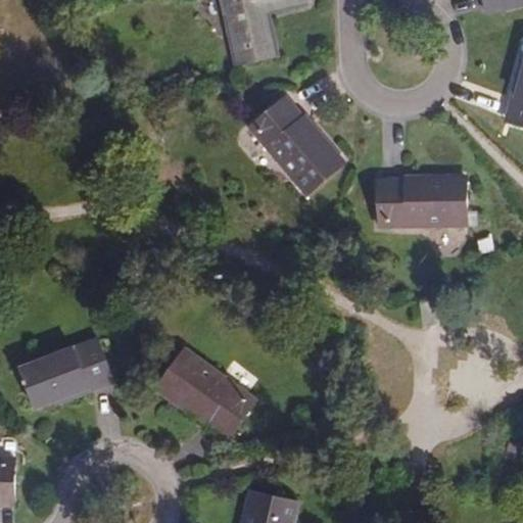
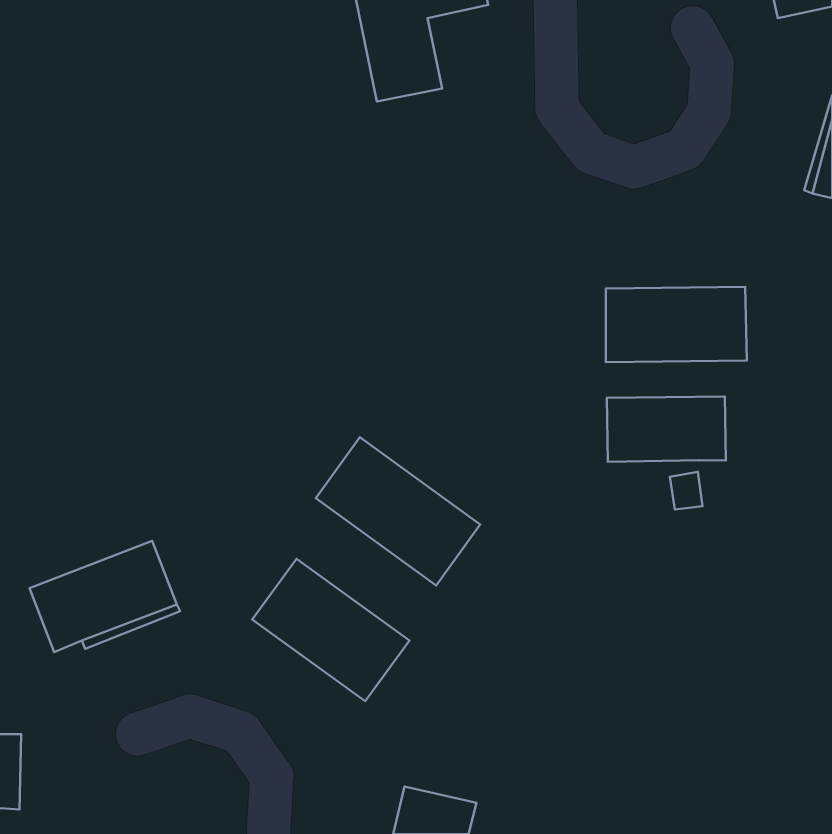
building: [249,96,341,194] -> none
building: none -> [607,397,726,462]
building: none -> [316,437,480,585]

